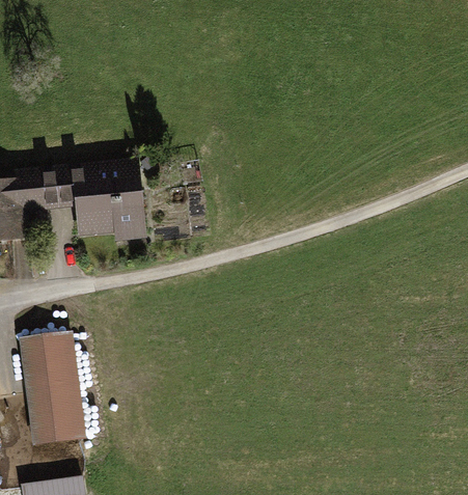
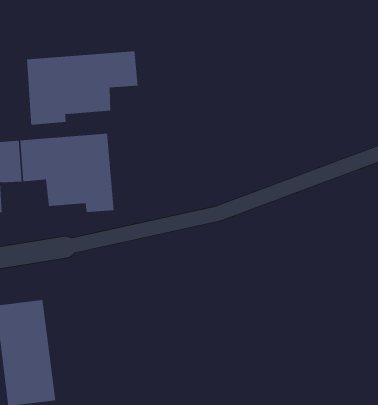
building: none -> [27,50,138,125]

